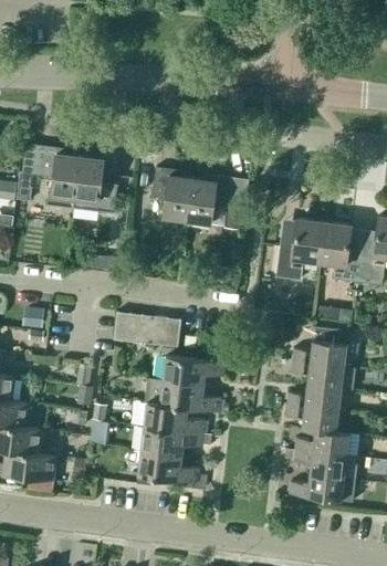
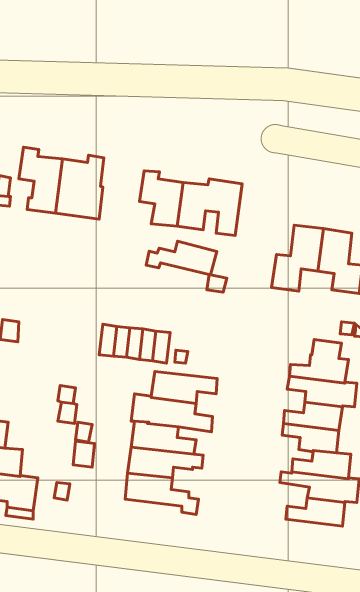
building: none -> [146,241,217,275]

